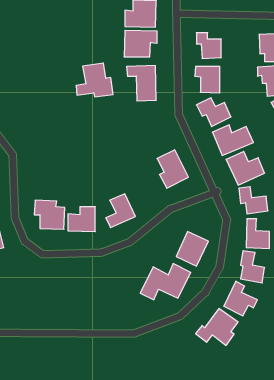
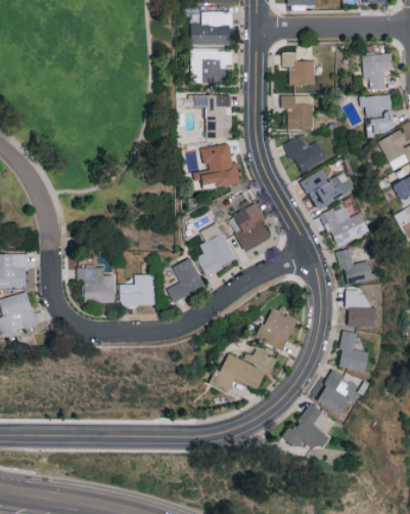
building: [76,63,113,97] -> [193,143,240,186]
building: none -> [196,222,236,275]

